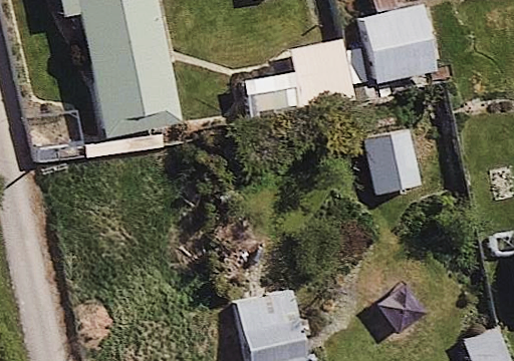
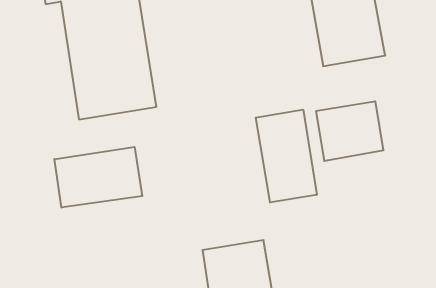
building: none -> [256,110,317,203]
building: none -> [54,147,142,208]

